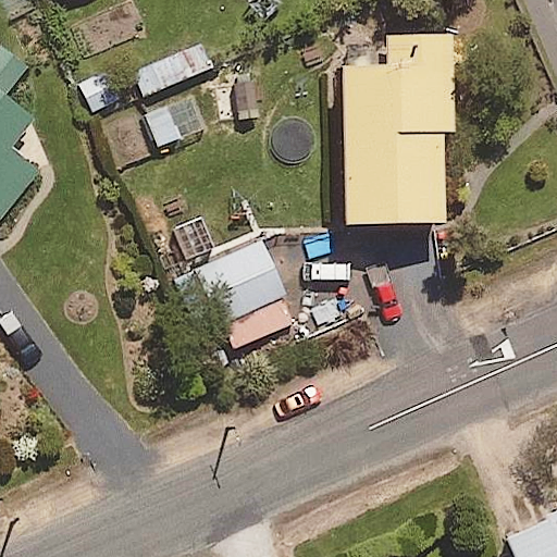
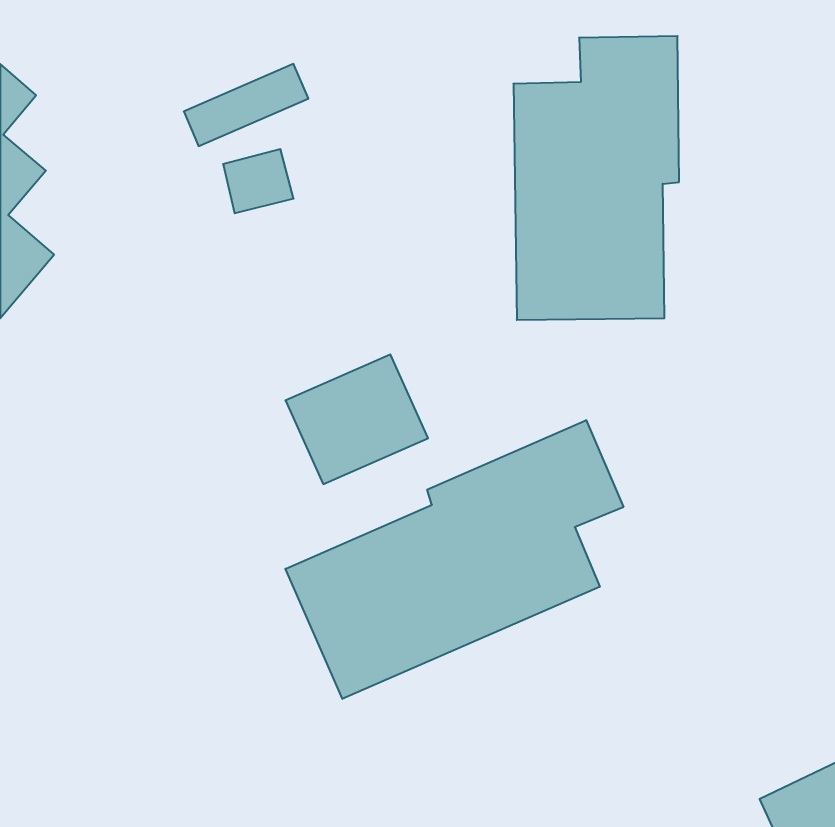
building: none -> [285,420,623,699]

